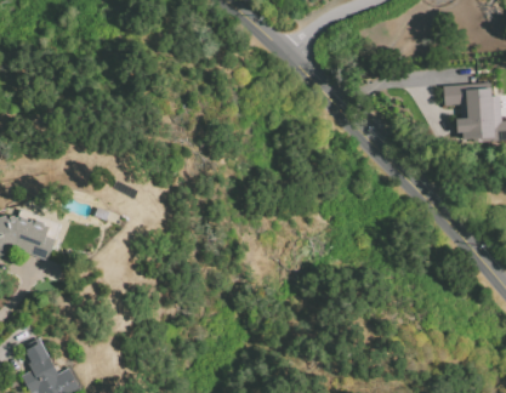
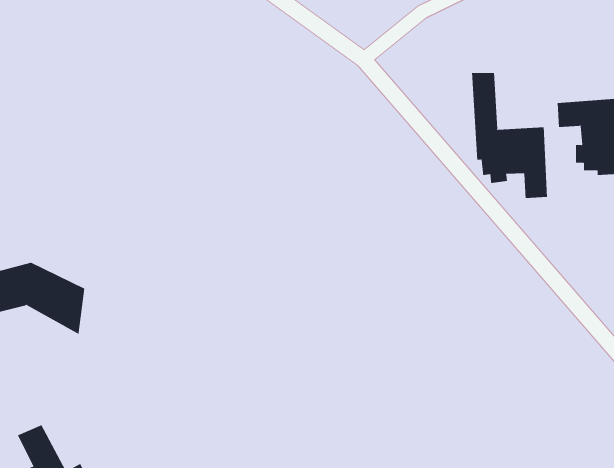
building: none -> [472,72,548,199]

